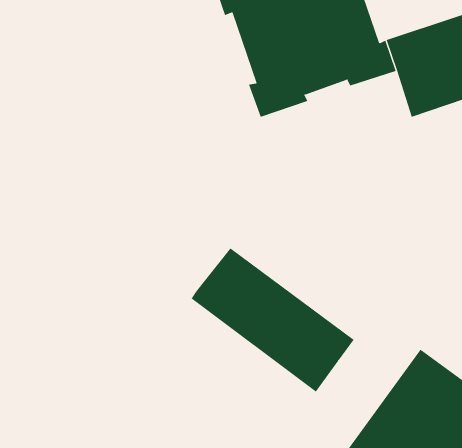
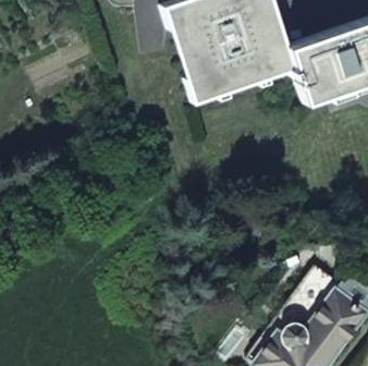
building: [191,248,355,392] -> none

